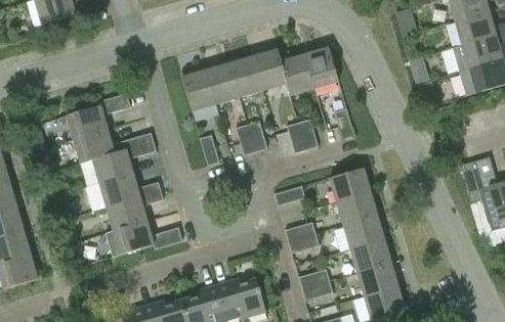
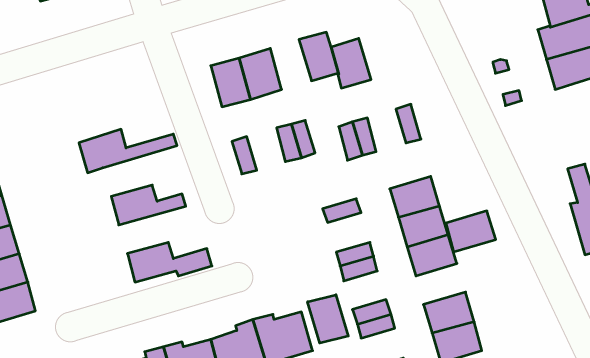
building: [303,47,338,88] -> none
building: [230,55,264,96] -> none
building: [66,93,130,140] -> none
building: [92,142,156,184] -> none
building: [106,192,163,231] -> none
building: [350,239,391,273] -> [446,211,496,252]
building: none -> [308,295,348,343]

